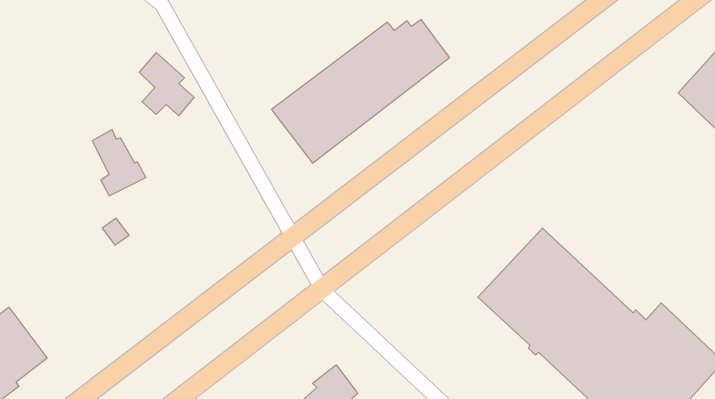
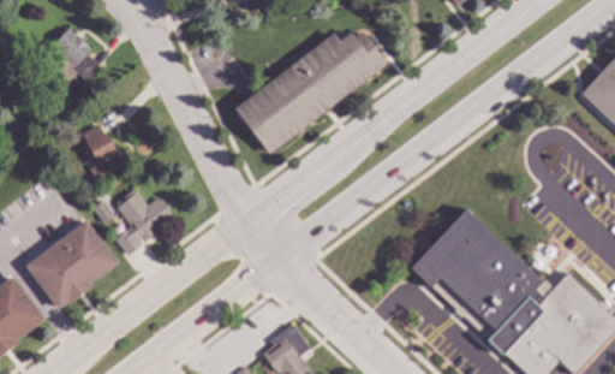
building: [139,52,194,116] -> [54,29,101,83]
building: none -> [115,194,173,256]
building: none -> [25,220,119,309]

